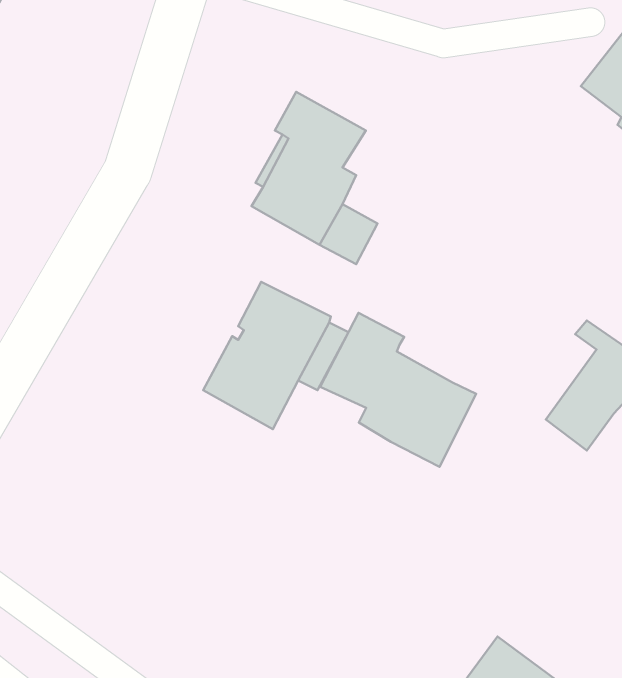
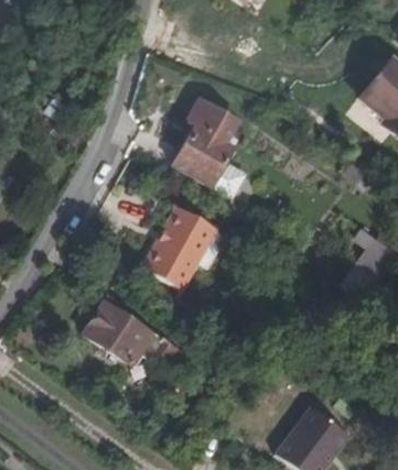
building: [320,313,476,467] -> none
building: none -> [82,298,152,363]

